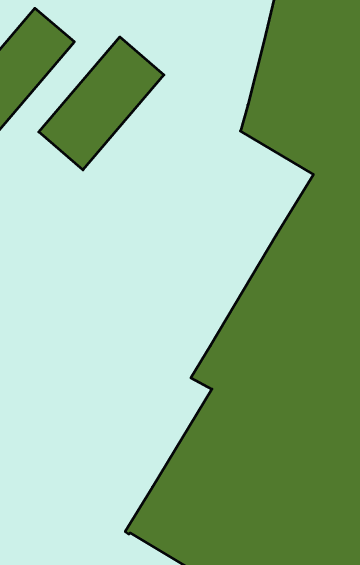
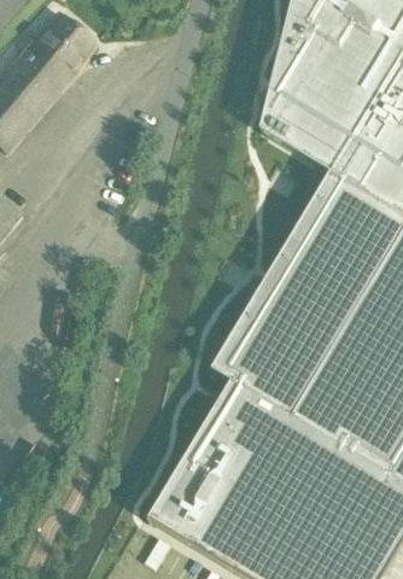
building: [39,37,164,170] -> none

